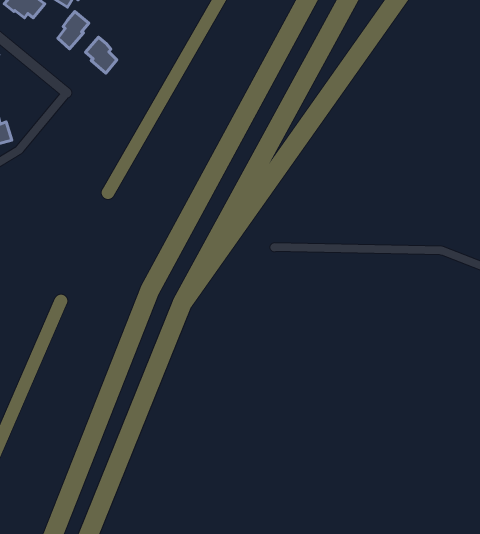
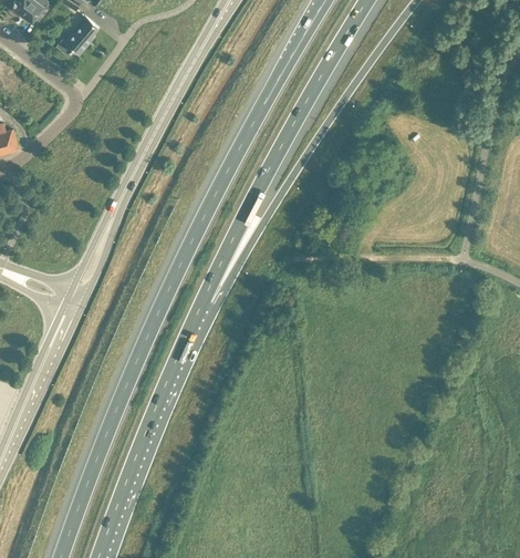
building: [85,37,117,73] -> none

